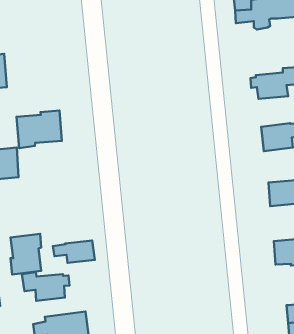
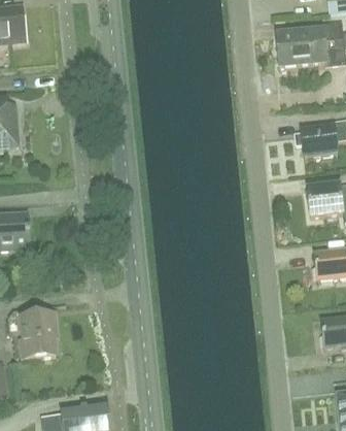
building: [17,110,62,148] -> none
building: [53,241,95,263] -> none
building: [22,272,69,301] -> none

